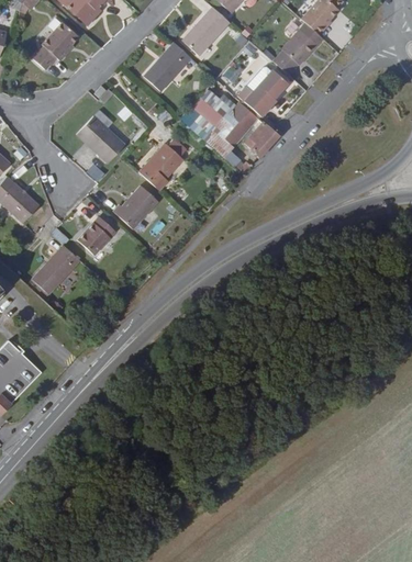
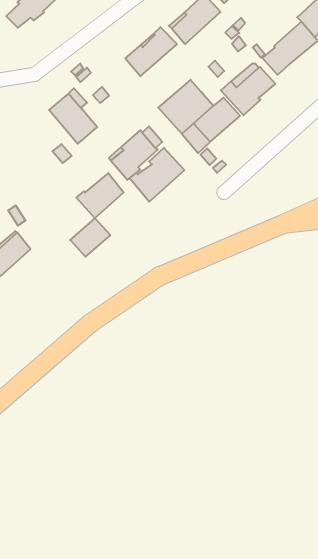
building: [244,122,278,157] -> none
building: none -> [130,148,184,202]
building: [77,216,114,254] -> [70,218,110,257]

